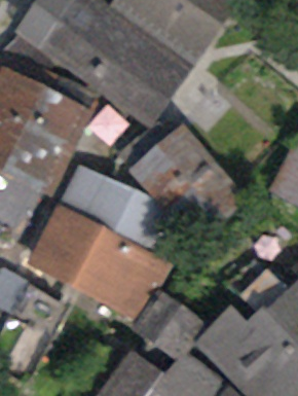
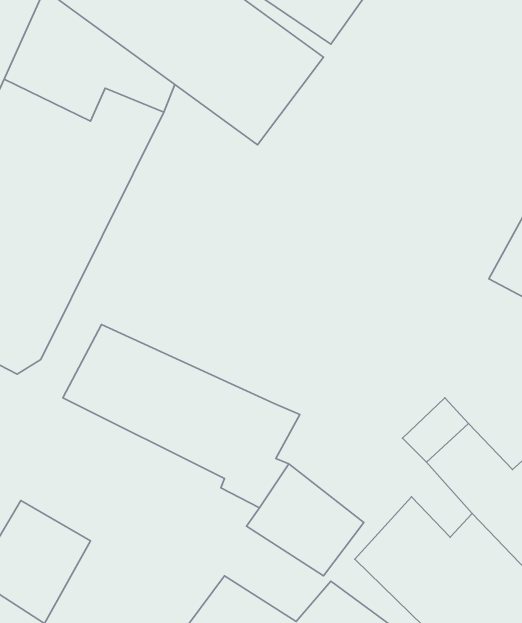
building: [128,132,241,235] -> none
building: [61,174,177,259] -> none

